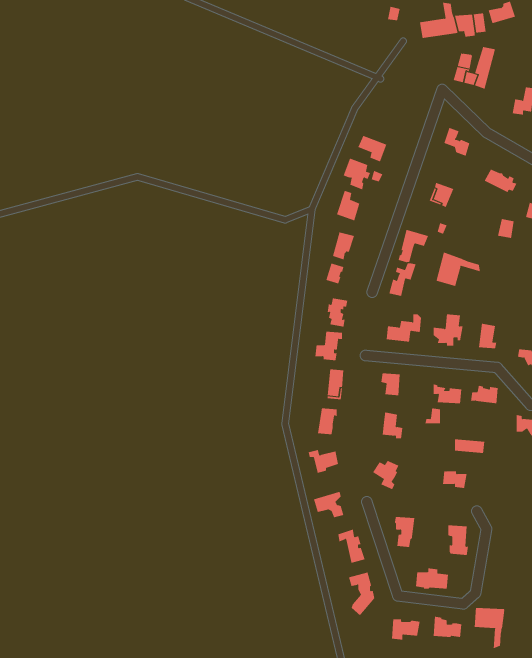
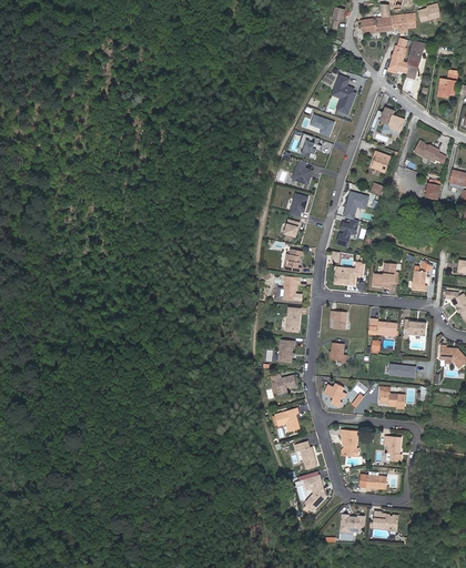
building: none -> [334,74,356,113]
building: [436,252,481,287] -> none
building: [474,607,505,649] -> none

